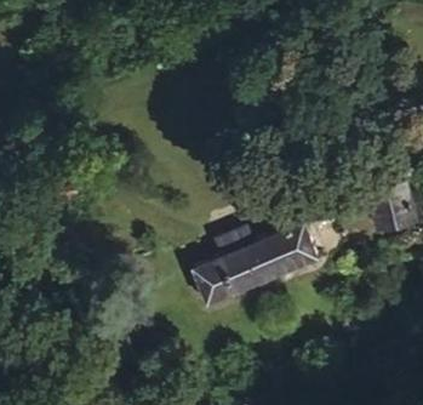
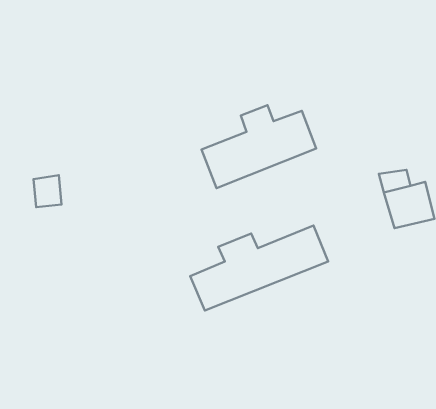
building: none -> [201,105,316,188]

